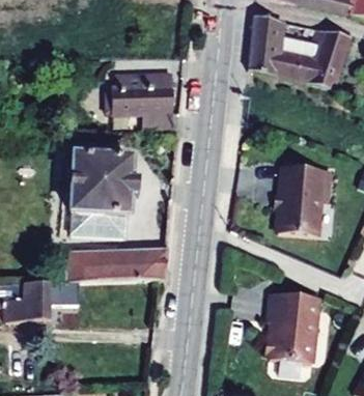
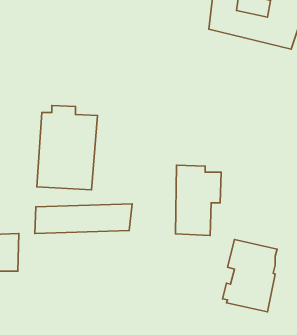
building: [108,74,174,126] -> none
building: [281,157,329,230] -> [175,165,221,236]

